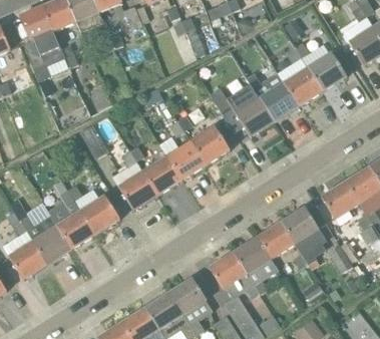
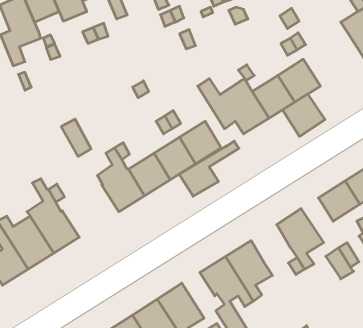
building: [307,51,347,91] -> [282,94,325,136]
building: none -> [179,141,239,196]
building: [80,194,120,234] -> none
building: [258,222,295,259] -> none

